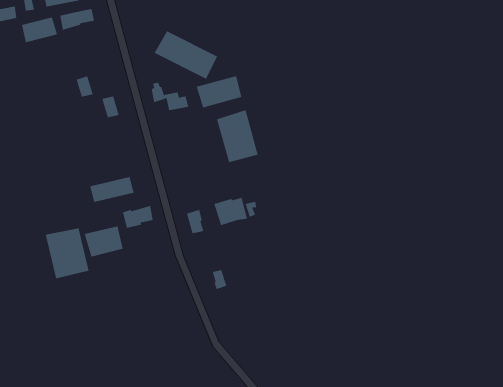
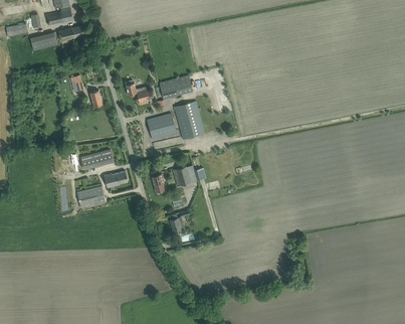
building: [154,30,218,80] -> none
building: none -> [147,113,175,139]
building: [45,227,89,279] -> none

